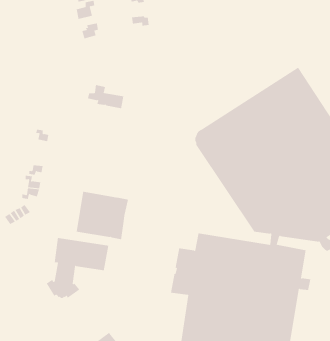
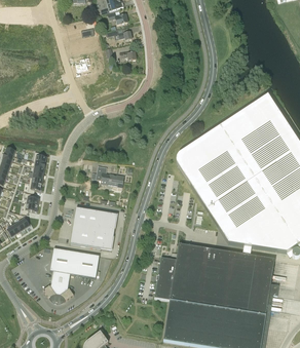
building: [87,85,124,109] -> [91,165,124,187]

